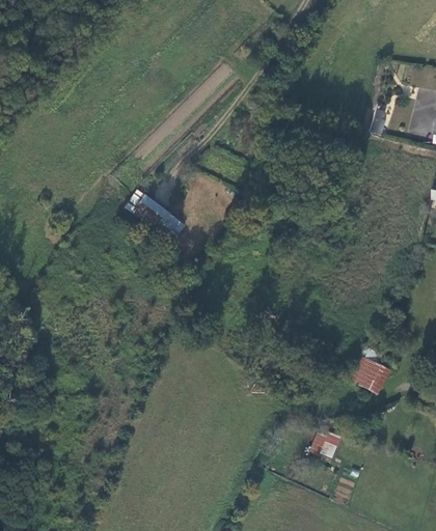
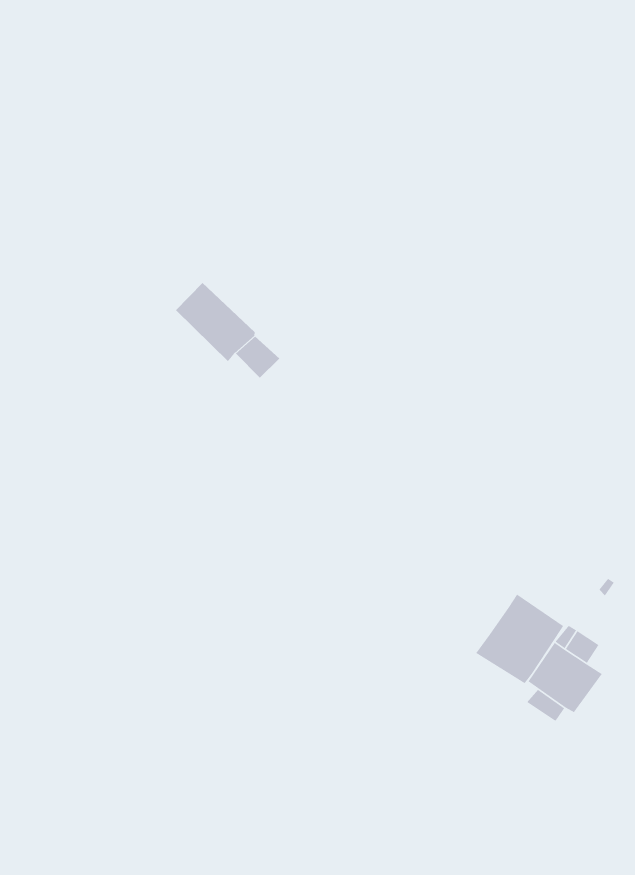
building: none -> [475,594,564,684]
building: [311,428,340,459] -> none

